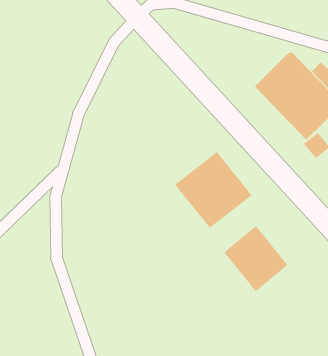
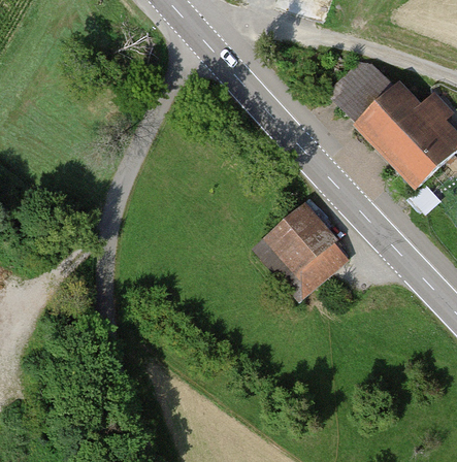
building: none -> [331,63,392,119]
building: [224,225,288,292] -> none

